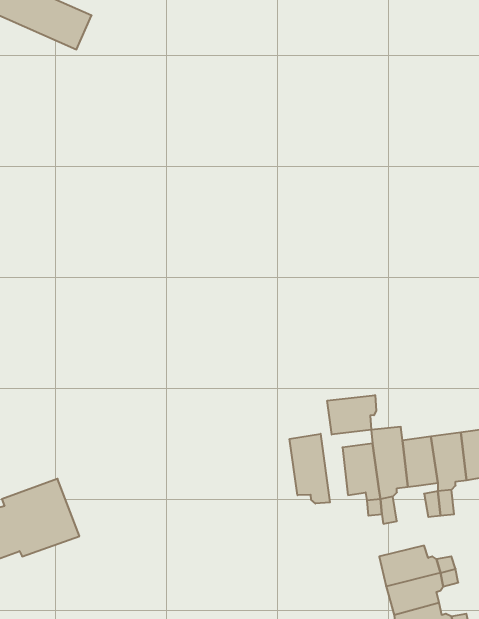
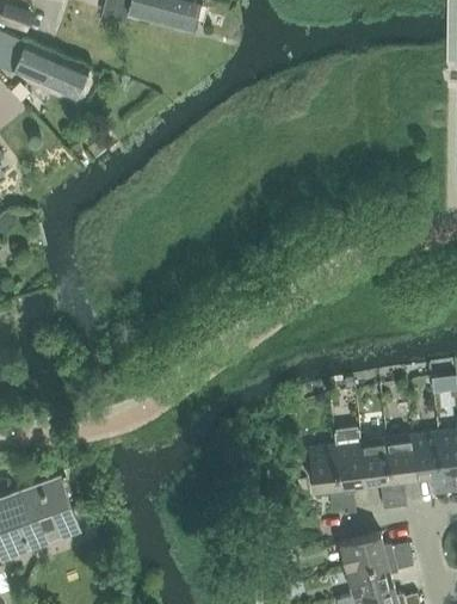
building: [327,395,376,435] -> none
building: [290,434,330,504] -> none

